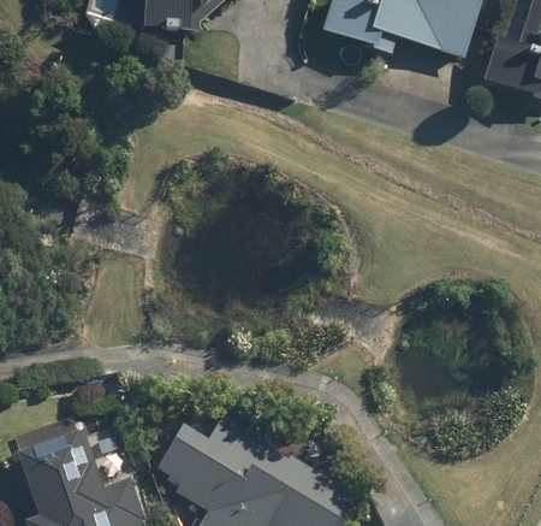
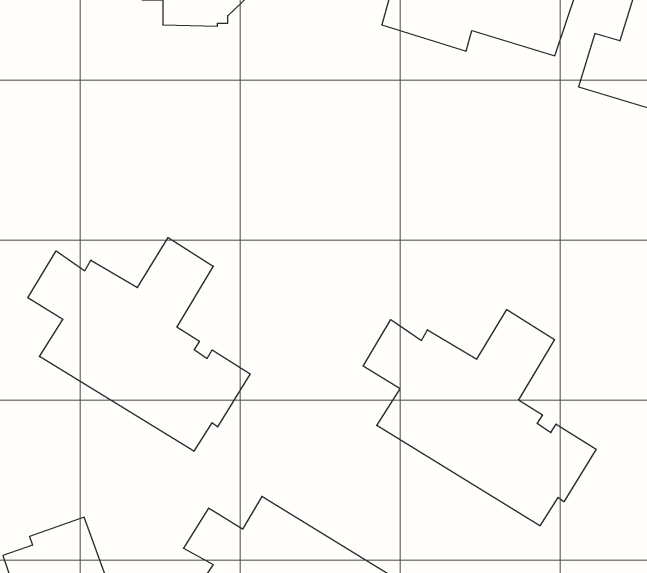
building: none -> [28,238,250,451]
building: none -> [363,310,596,526]

